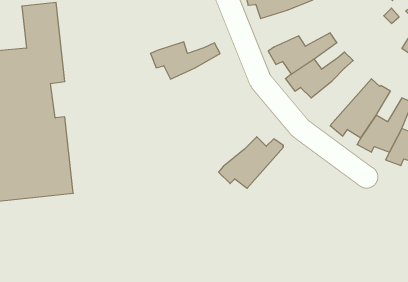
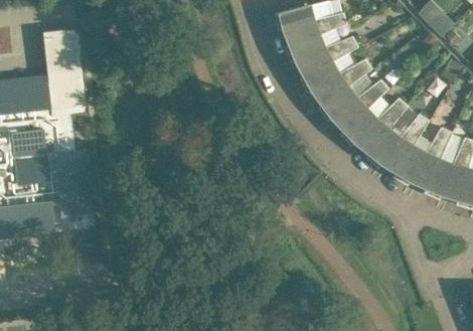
building: [150,42,220,79] -> [284,34,357,73]
building: [219,137,283,188] -> [339,96,408,150]

